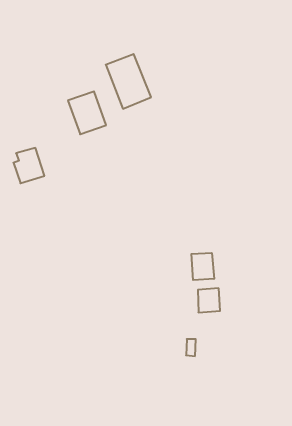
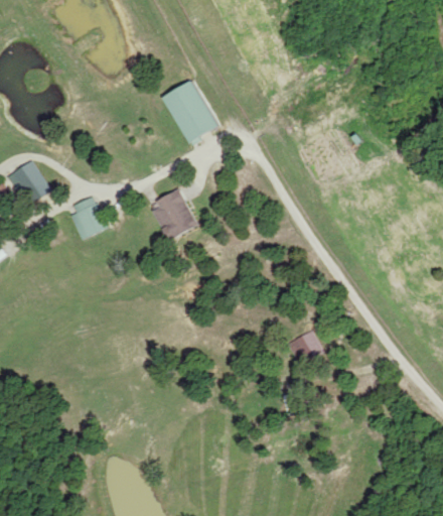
building: [68,91,106,134] -> [152,189,197,239]
building: [191,253,214,280] -> none

